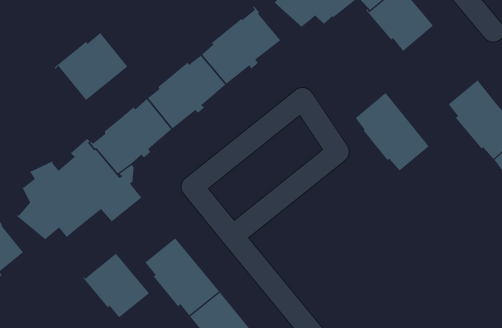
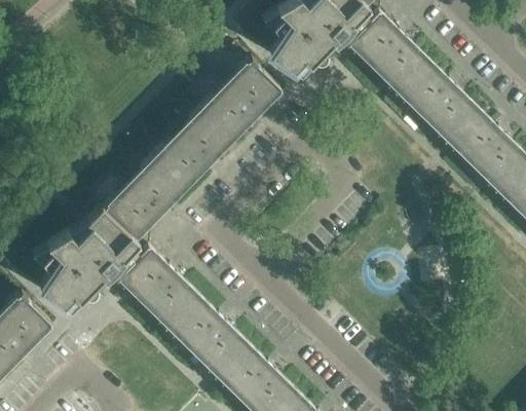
building: [54,32,128,101] -> none
building: [355,92,429,171] -> [400,60,476,136]
building: [82,253,150,318] -> [128,258,196,322]

